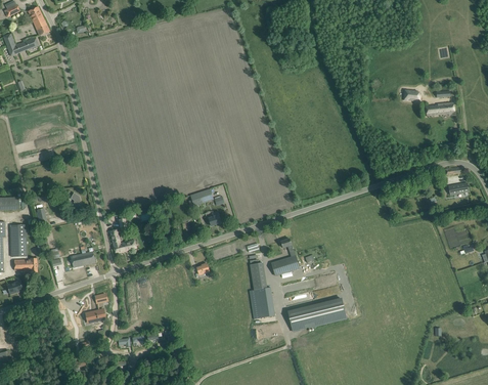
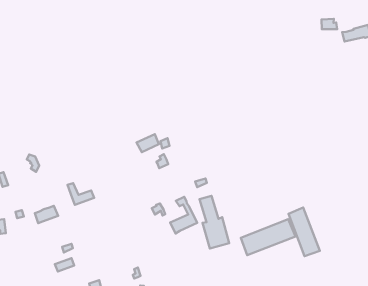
building: [270,238,299,275] -> [170,197,197,233]
building: none -> [288,208,320,256]

